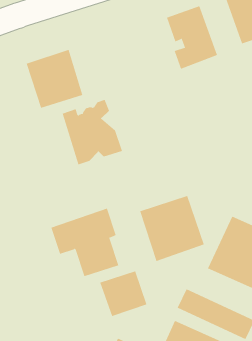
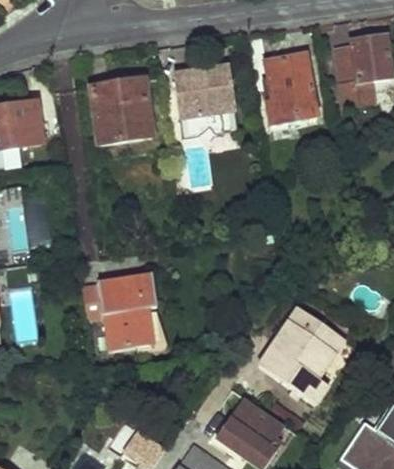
building: [62,99,123,165] -> [173,65,237,137]
building: [140,195,204,262] -> none
building: [99,270,147,317] -> none

